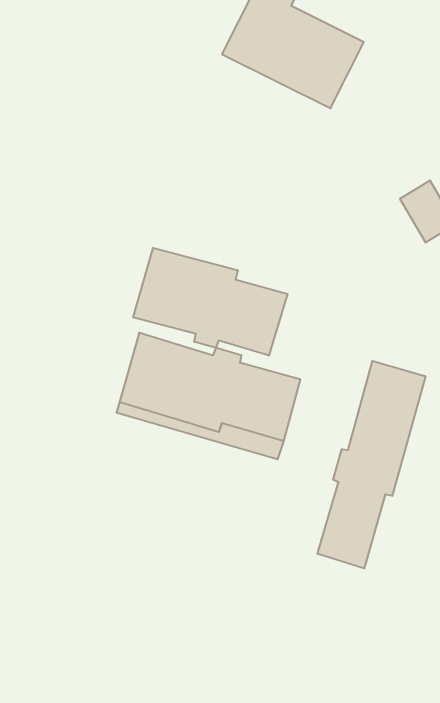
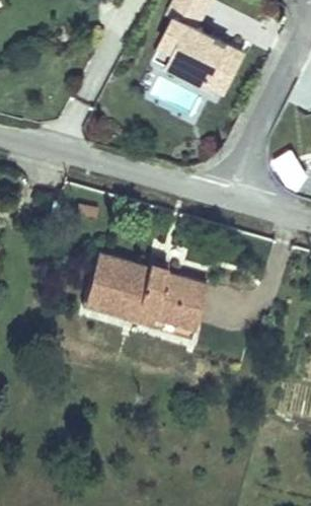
building: [133,248,288,356] -> none
building: [317,361,425,568] -> none

